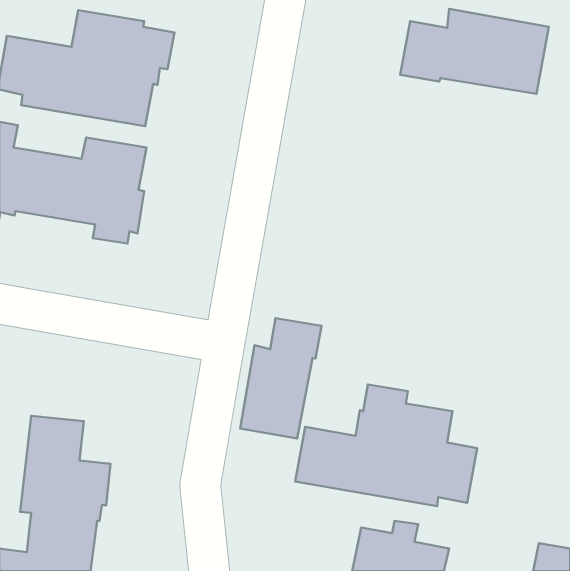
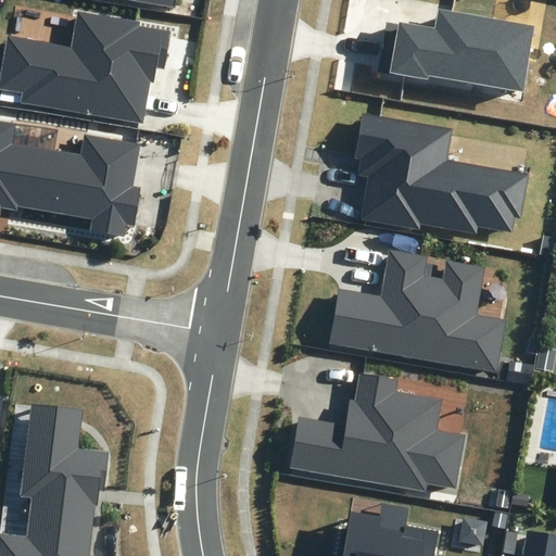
building: none -> [355,115,527,233]
building: none -> [327,249,506,372]
building: [240,318,321,438] -> none

